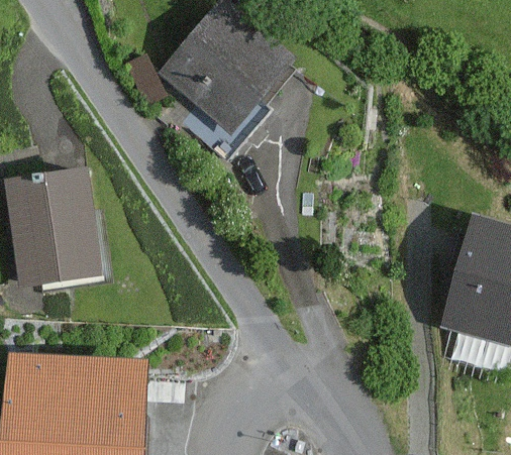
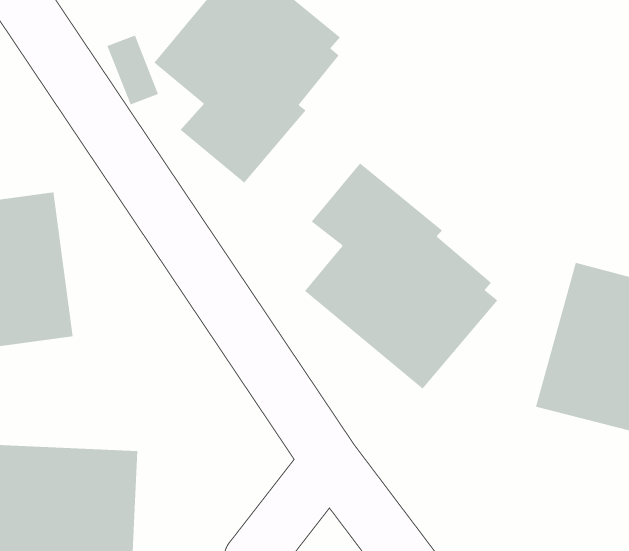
building: none -> [304,163,498,390]

